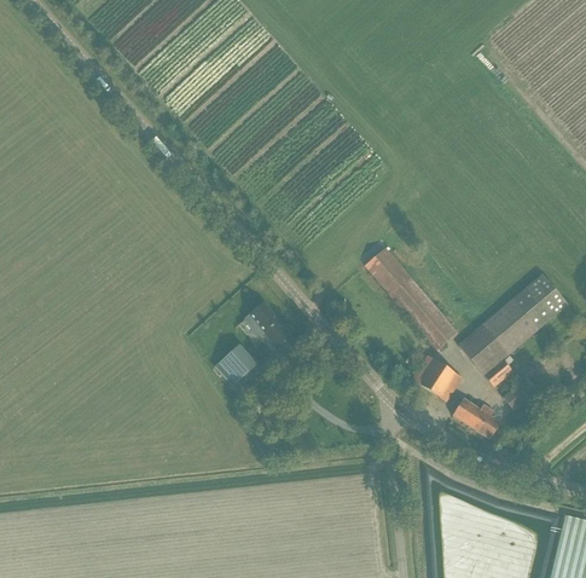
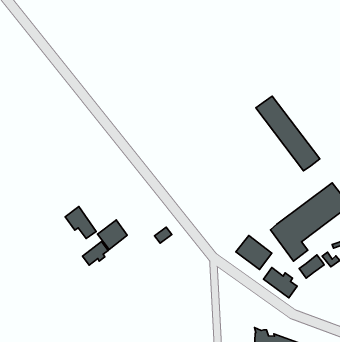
building: [364,247,458,349] -> [256,96,320,171]
building: [245,302,290,347] -> [65,206,96,238]
building: none -> [82,242,108,265]

